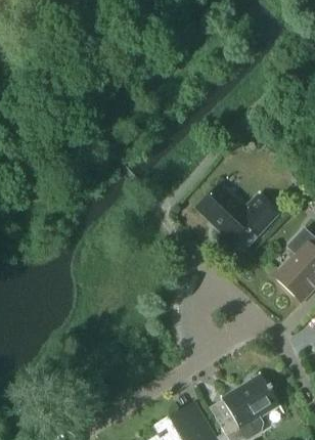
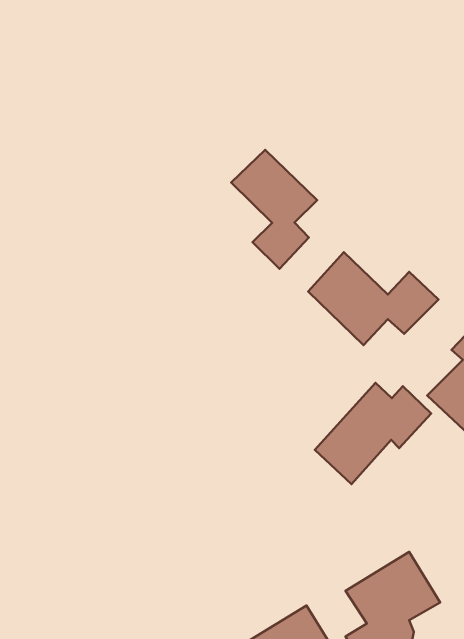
building: none -> [231,150,317,269]
building: none -> [315,383,431,484]

